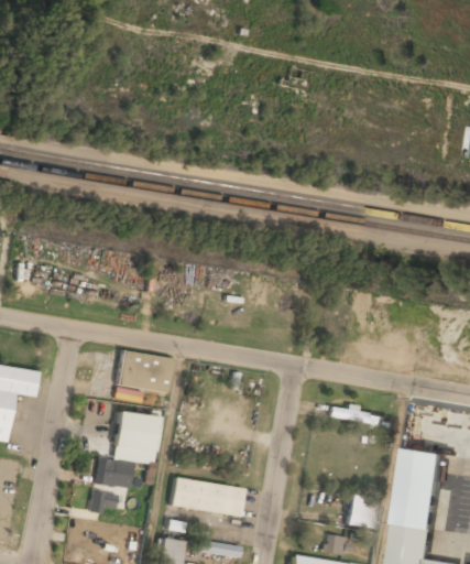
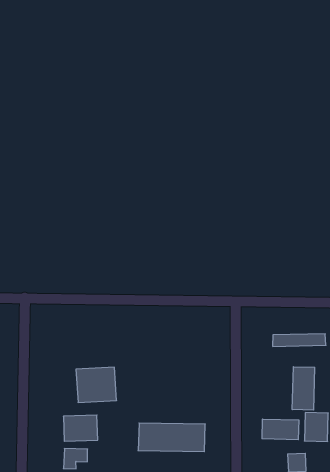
building: [116,350,173,398] -> none
building: none -> [292,367,315,410]
building: none -> [262,419,299,440]

